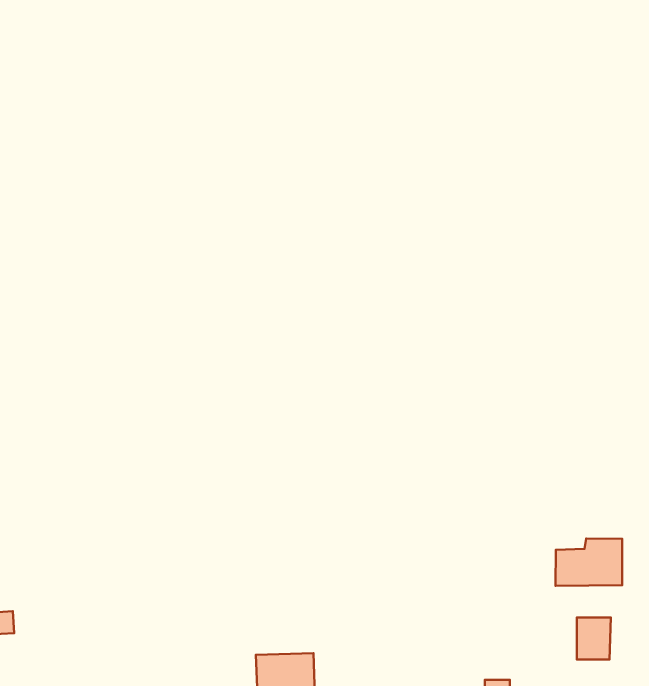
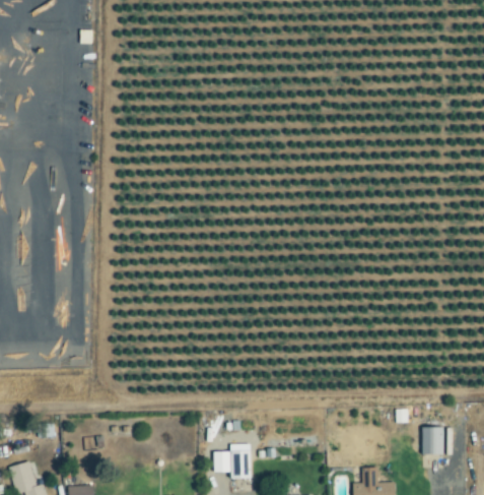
building: [555,539,622,586] -> none

